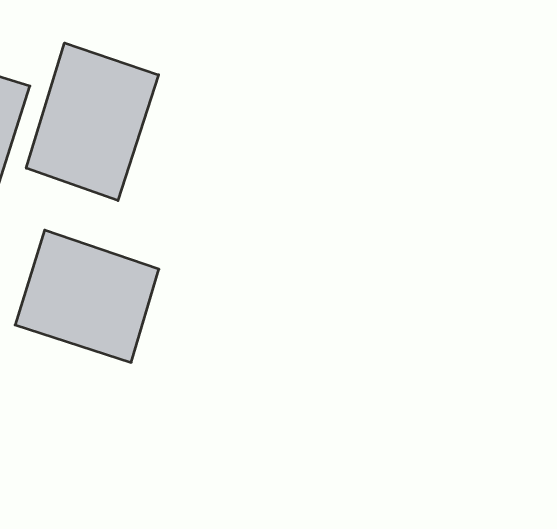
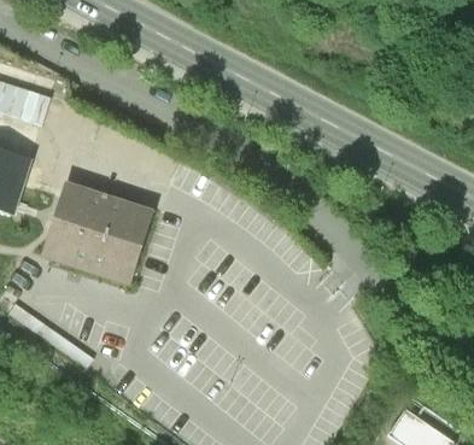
building: [26,43,159,201] -> none

